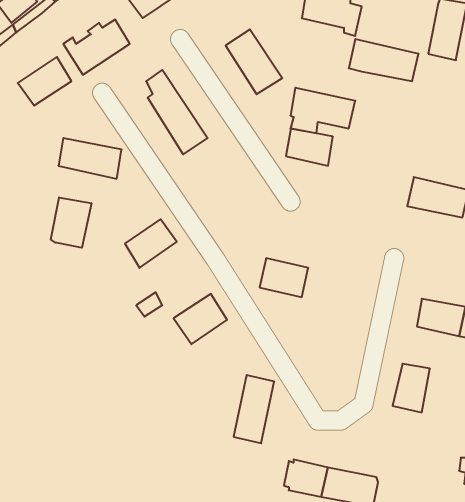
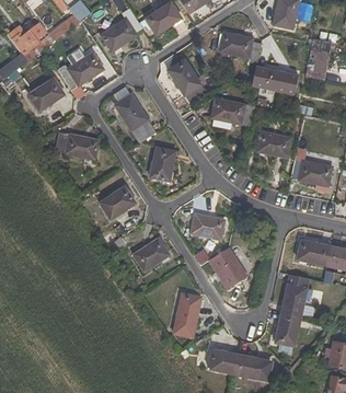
building: [286,128,333,166] -> [257,131,289,157]
building: none -> [150,147,175,180]
building: [51,197,91,248] -> none
building: none -> [208,247,247,289]
building: none -> [275,312,300,346]

